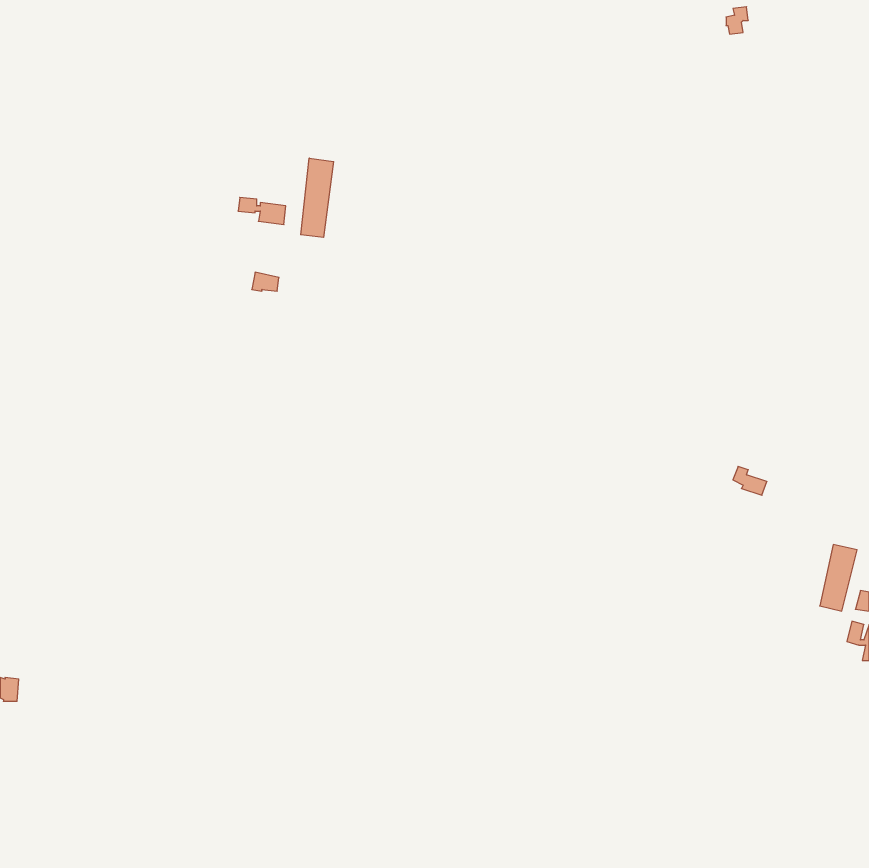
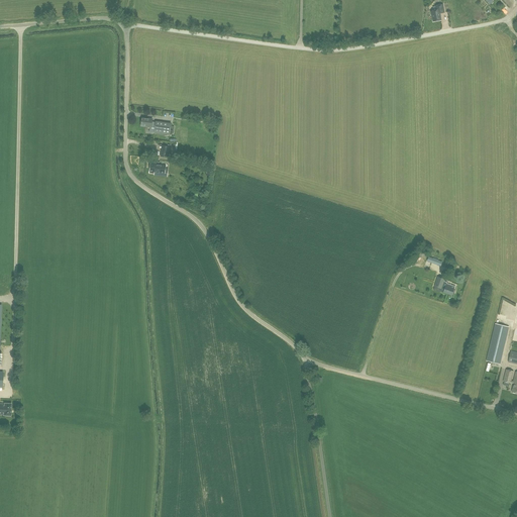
building: [301,158,334,237] -> none

